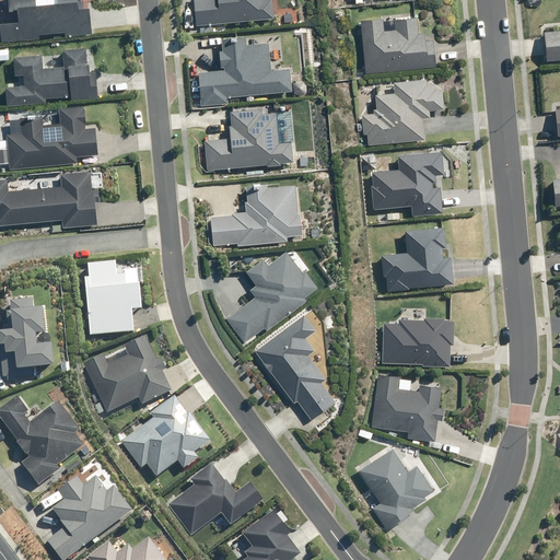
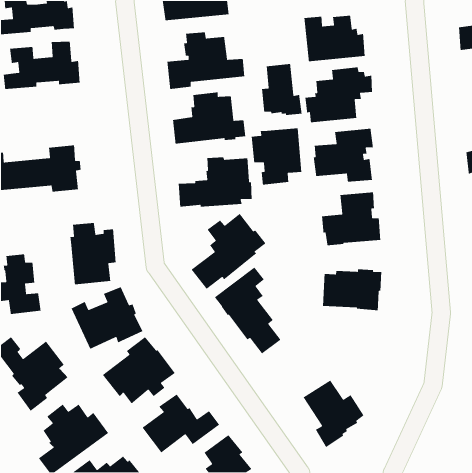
building: none -> [261,63,302,116]
building: [5,106,96,170] -> none
building: none -> [251,127,302,185]
building: [371,374,442,441] -> none

